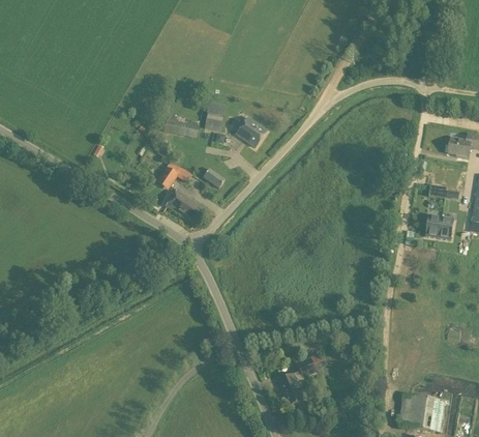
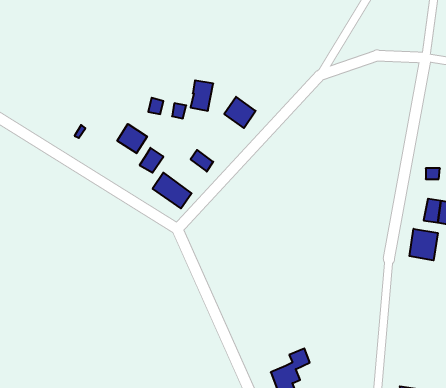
building: none -> [117,124,147,153]
building: none -> [409,229,438,260]

